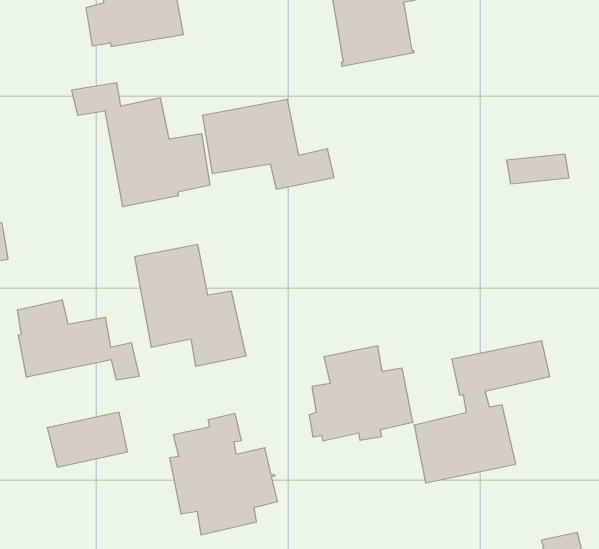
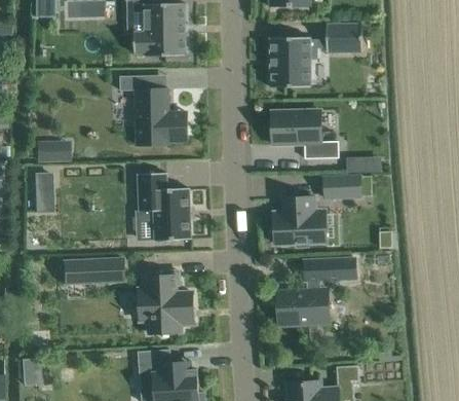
building: [203,100,334,189] -> [272,110,339,158]
building: none -> [323,176,361,197]
building: [18,300,139,380] -> none
building: [309,346,413,441] -> [270,196,327,247]

